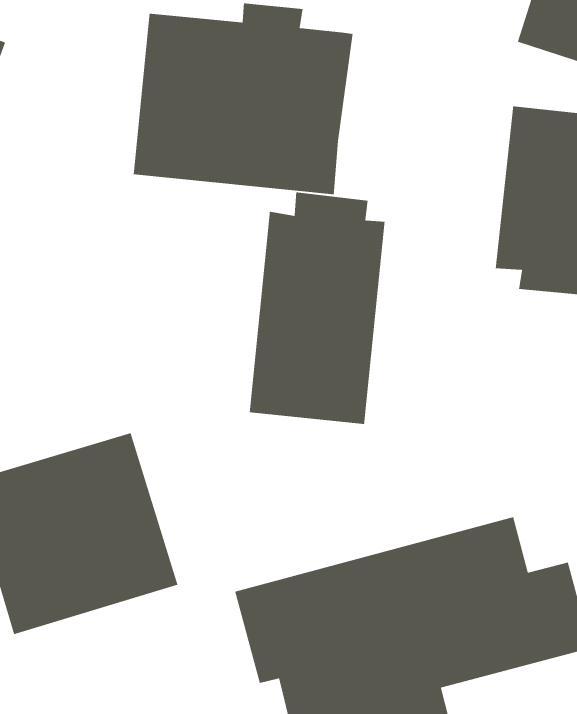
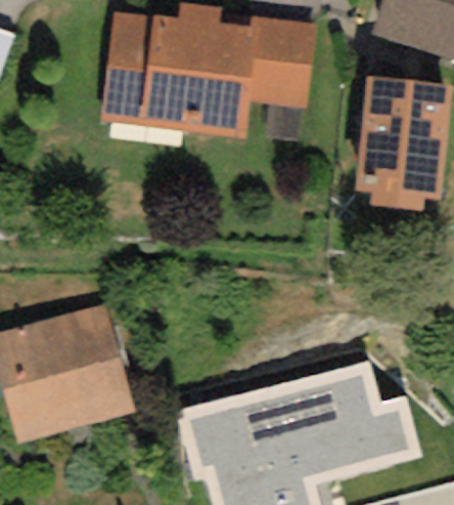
building: none -> [246,17,318,108]
building: [249,191,386,425] -> none

